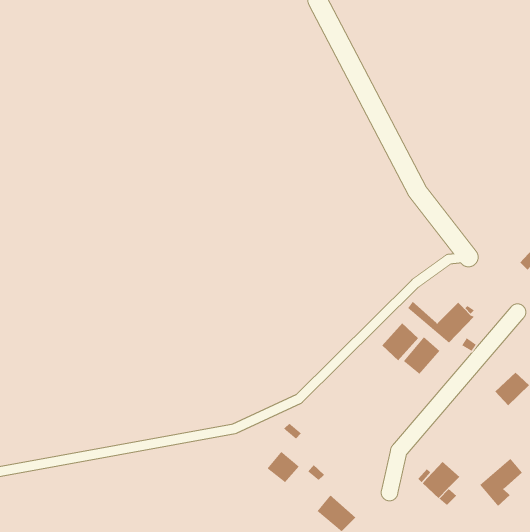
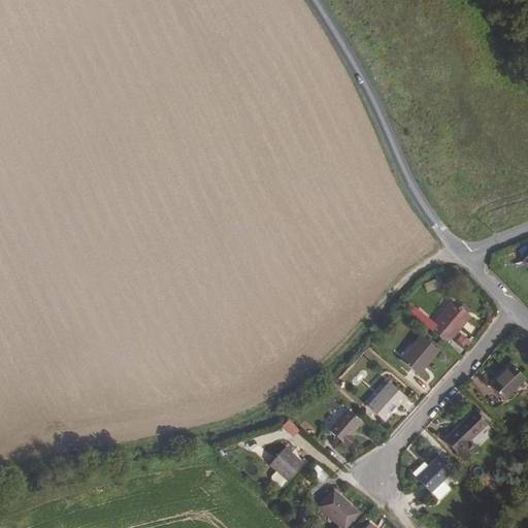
building: [381,323,419,361] -> [367,380,404,418]
building: none -> [326,408,357,446]
building: [479,458,523,507] -> [448,416,491,464]

